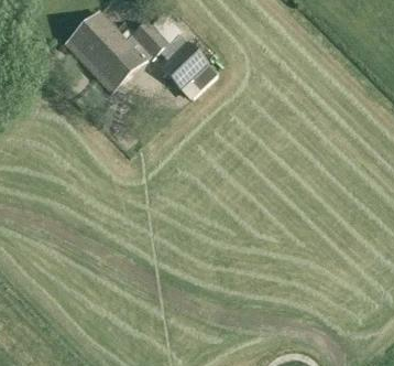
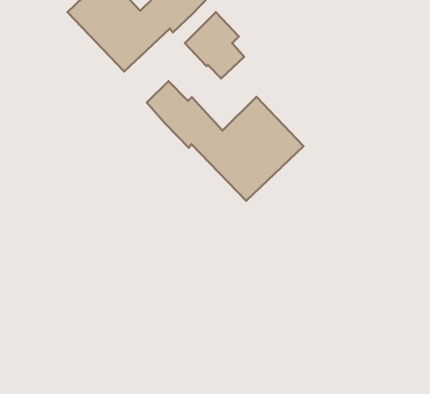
building: none -> [147,81,303,201]

